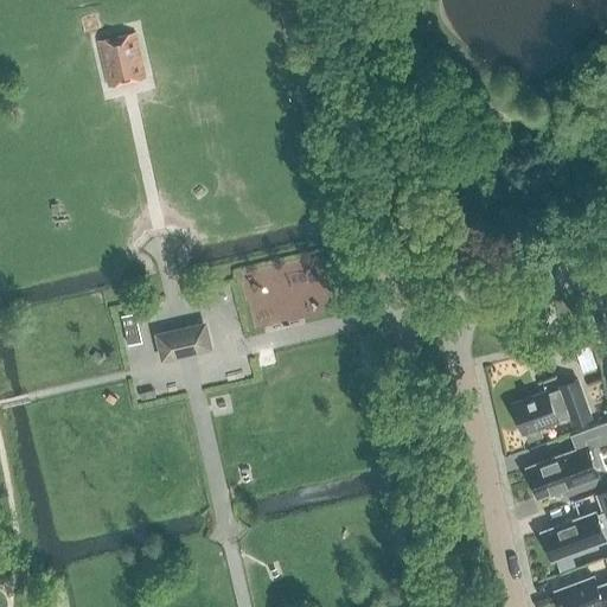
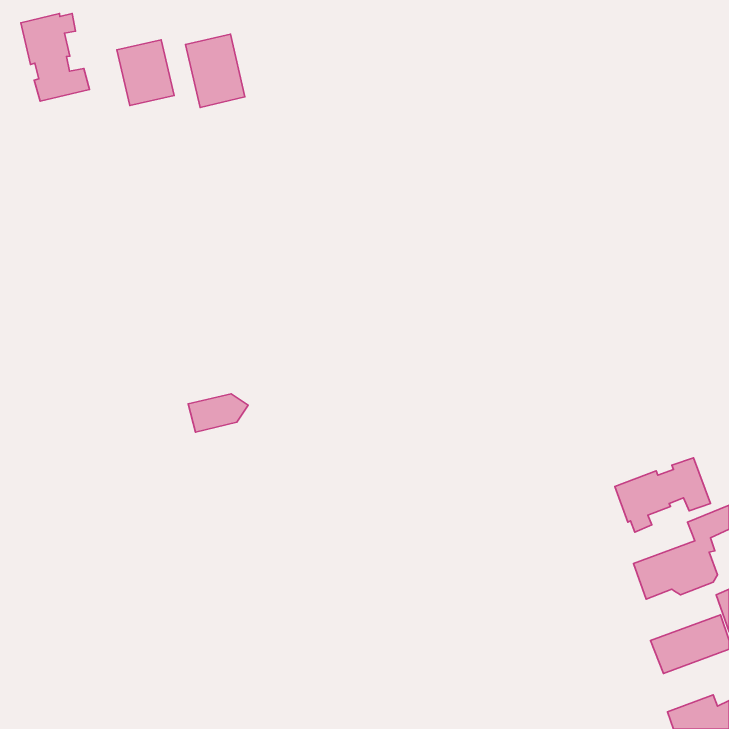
building: none -> [21,13,90,101]
building: none -> [186,34,245,108]

